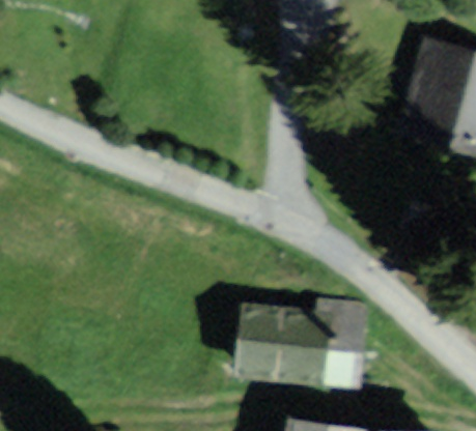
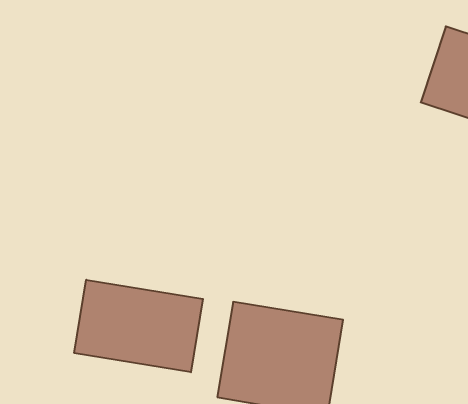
building: none -> [74,280,203,372]

